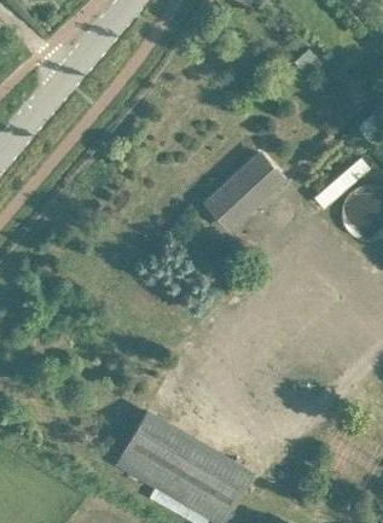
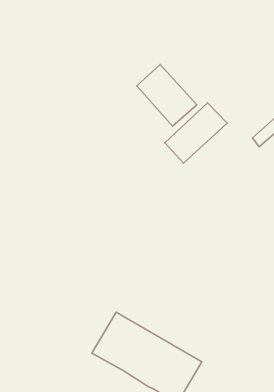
building: none -> [137,64,197,126]

